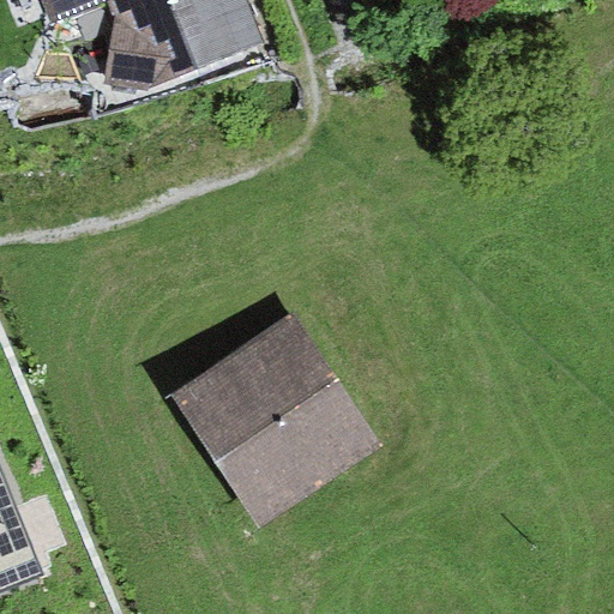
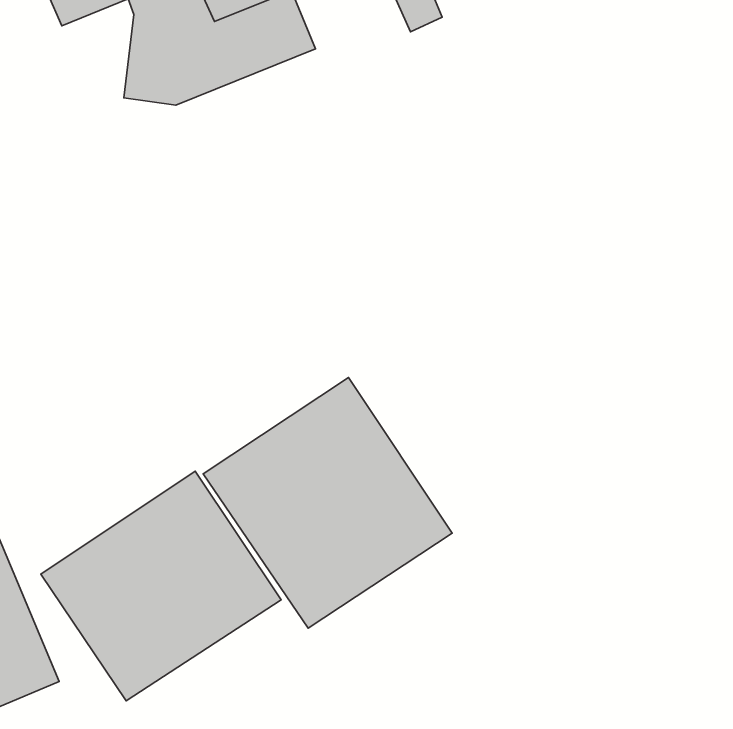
building: none -> [41,471,281,701]

